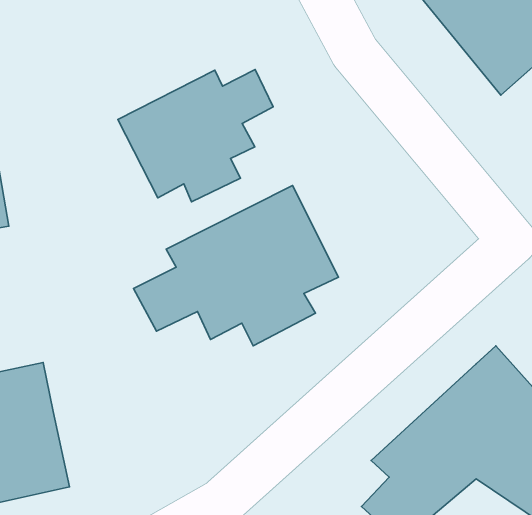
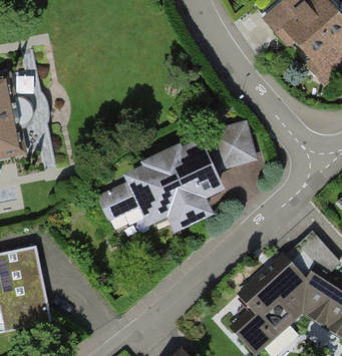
building: [118,69,273,202] -> none
building: none -> [209,119,258,171]

